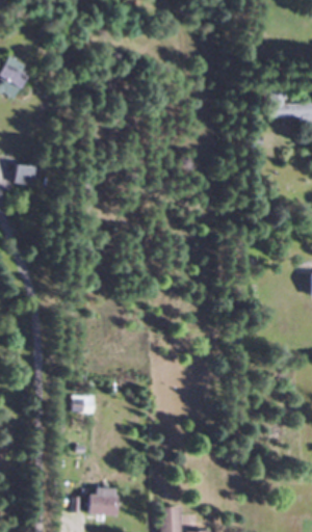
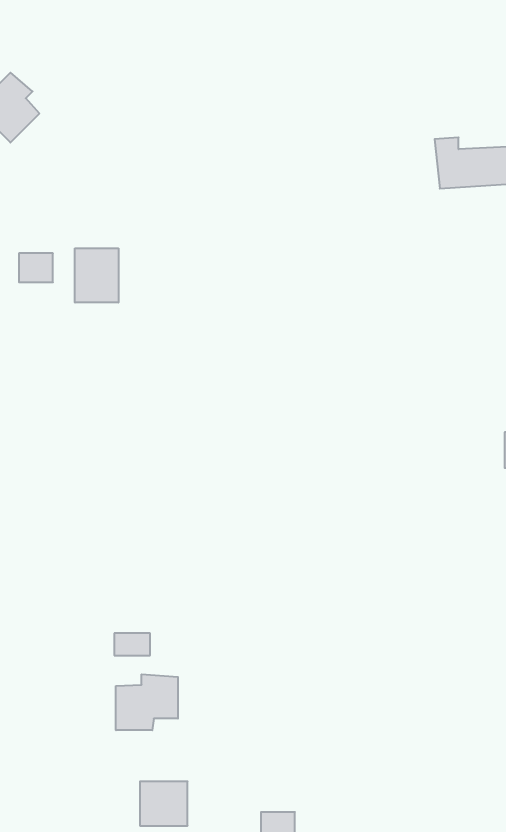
building: none -> [75,248,118,303]
building: none -> [116,674,178,730]

